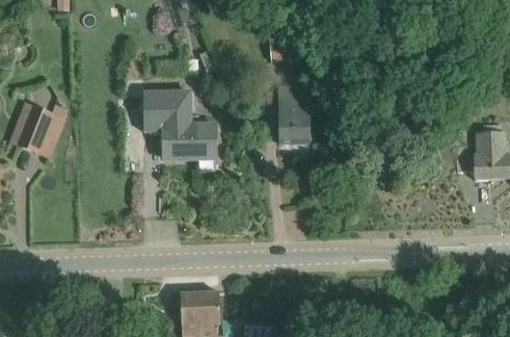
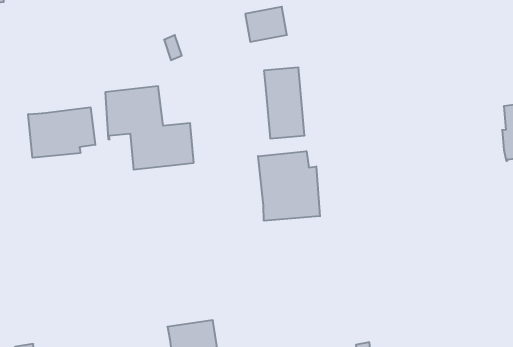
building: none -> [28,107,95,158]
building: none -> [258,151,320,221]

